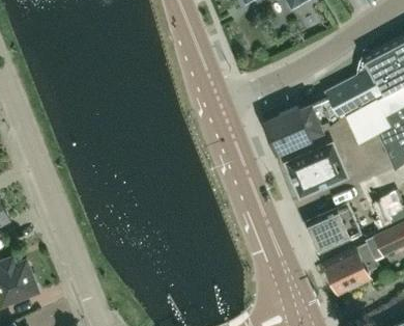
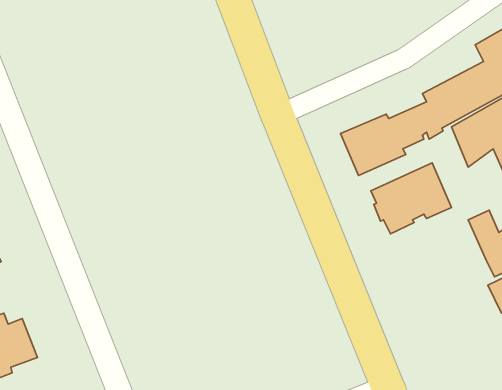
building: [305,205,360,254] -> none
building: [324,244,378,295] -> none

